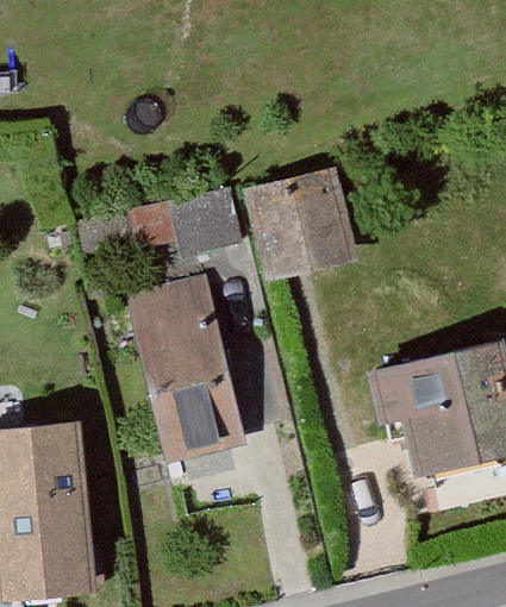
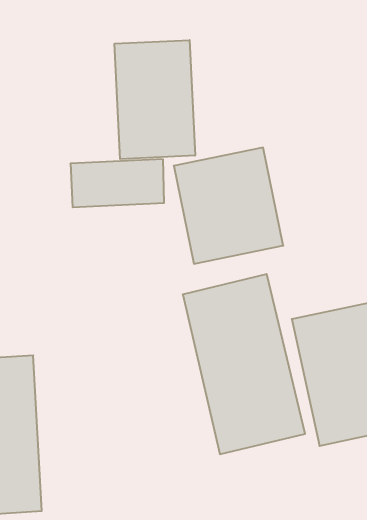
building: none -> [115,40,195,159]
building: [120,273,257,474] -> [183,274,305,454]

